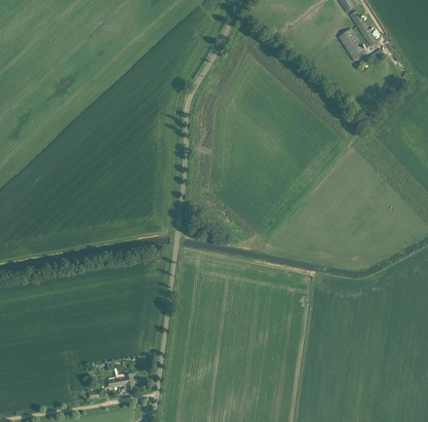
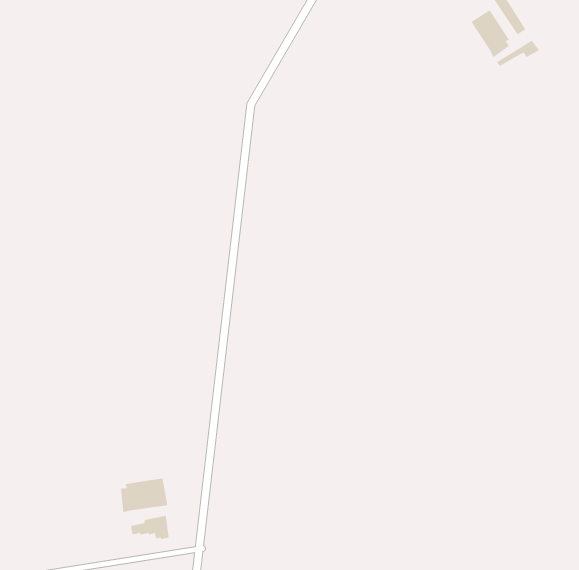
building: none -> [120,478,168,513]

